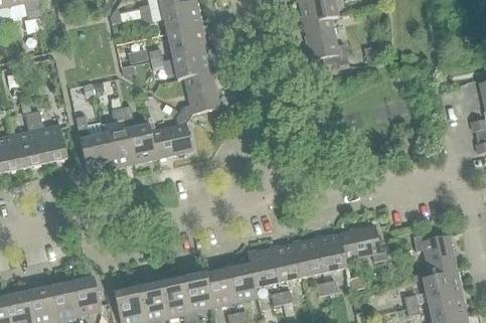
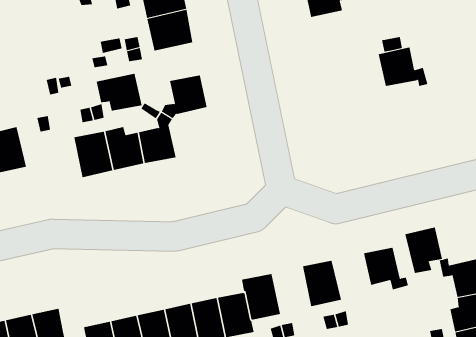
building: [305,26,347,59] -> [378,47,428,86]
building: [173,53,212,86] -> [96,73,142,111]
building: [78,133,113,173] -> none
building: [323,230,355,270] -> [405,227,443,274]
building: [273,241,305,282] -> none

